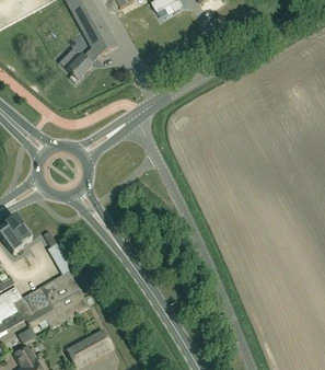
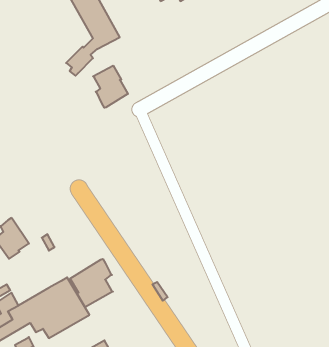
building: none -> [93,66,128,108]
building: none -> [70,259,113,307]

